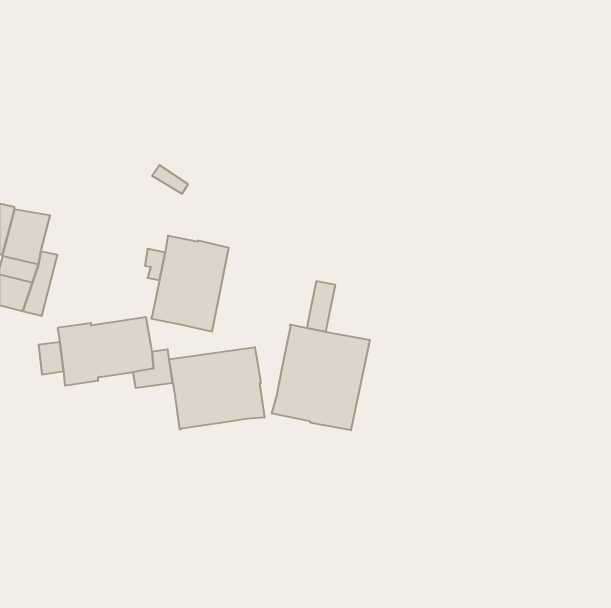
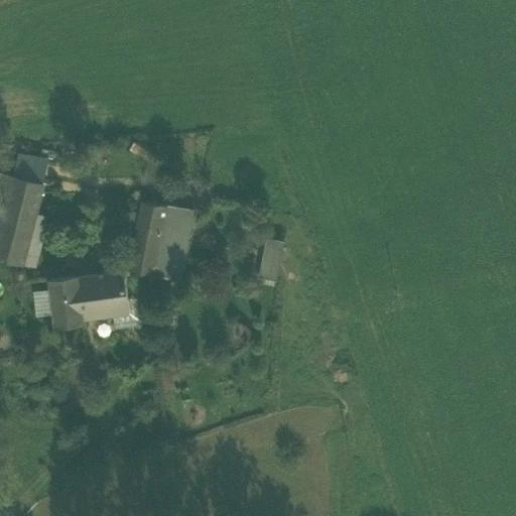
building: none -> [12,155,48,184]
building: [272,325,370,430] -> none
building: [169,347,264,430] -> none

